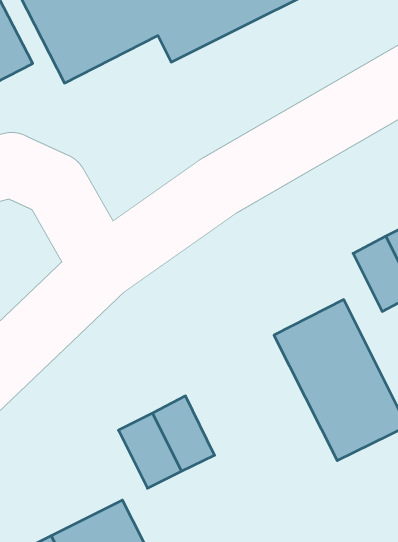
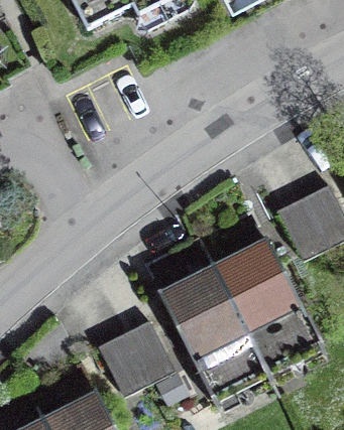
building: none -> [159,264,261,387]

